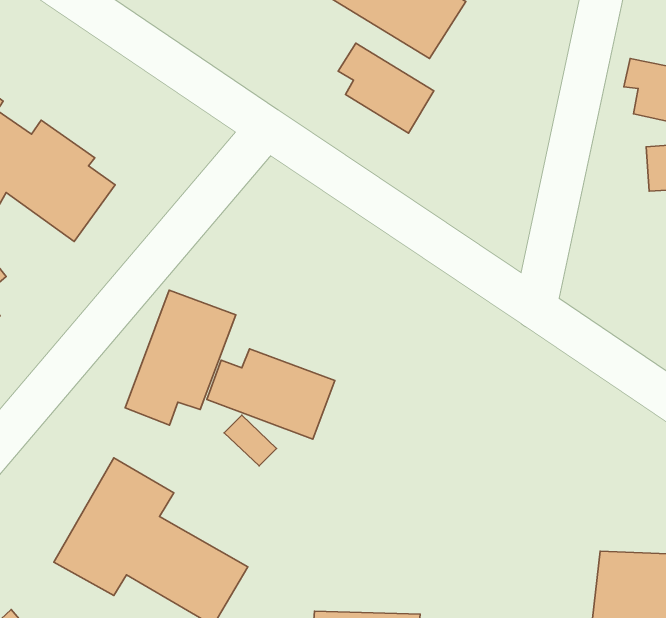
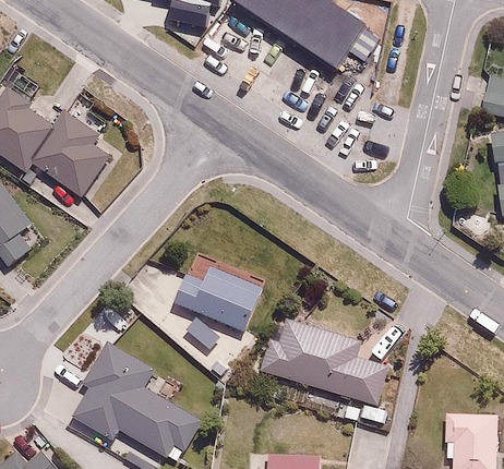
building: [338,43,434,133] -> none
building: [125,290,236,425] -> none
building: none -> [261,317,392,422]

